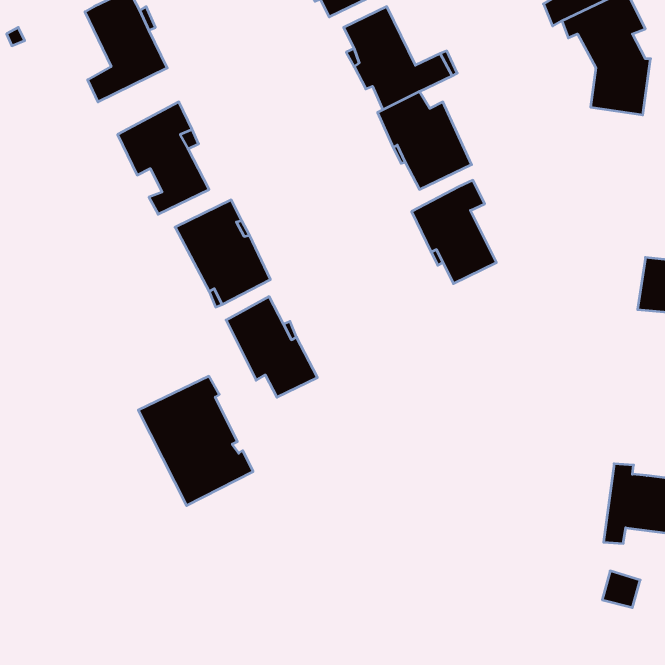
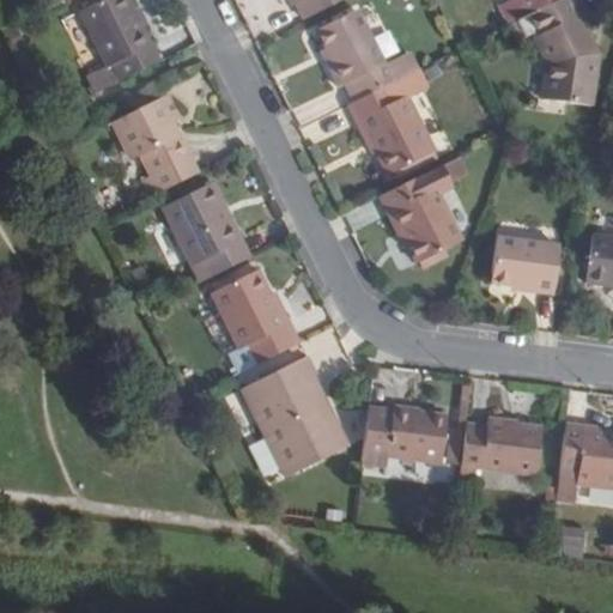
building: none -> [491,238,559,290]
building: [138,376,253,506] -> [243,356,348,474]
building: none -> [362,408,447,465]
building: none -> [459,425,541,475]

